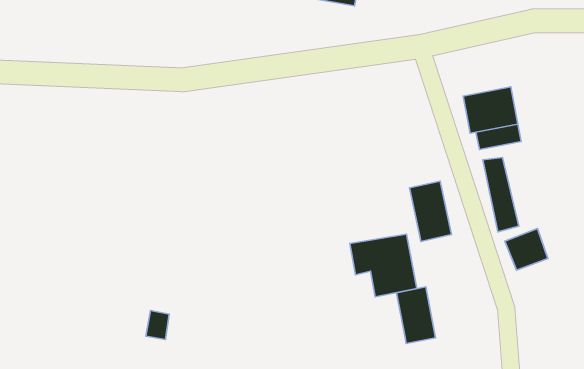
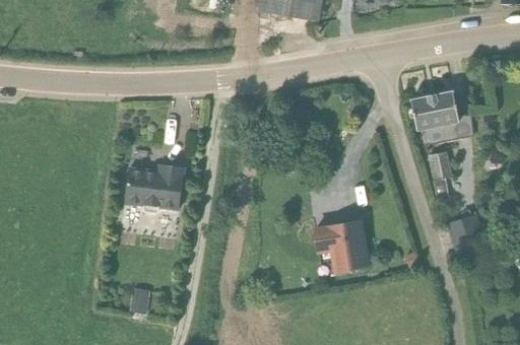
building: none -> [123,166,183,211]
building: [410,181,451,241] -> none
building: [397,287,435,344] -> none

